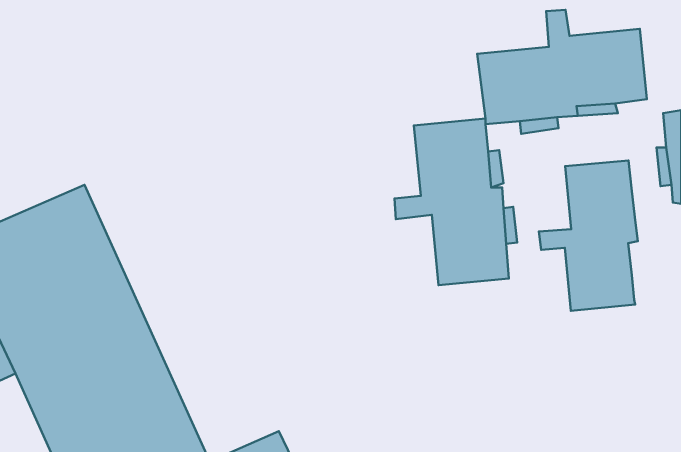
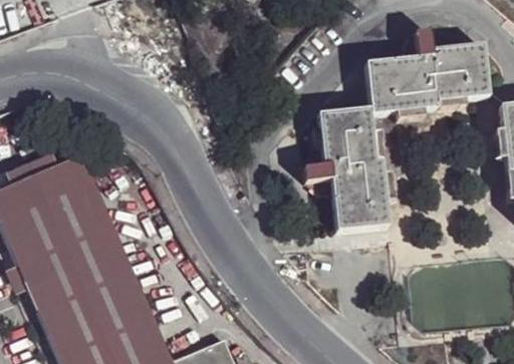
building: [539,160,638,311] -> none

